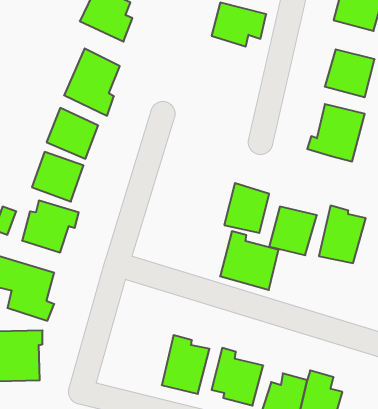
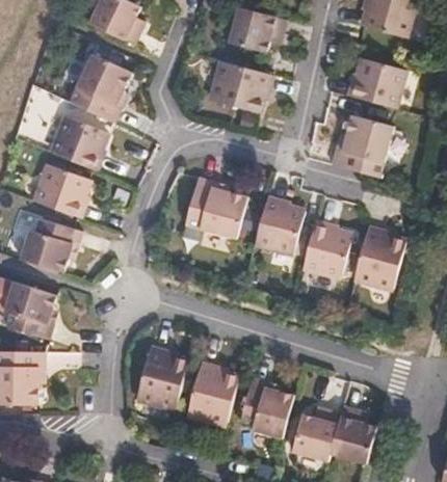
building: none -> [212,61,275,113]
building: [220,231,279,290] -> [176,176,238,238]
building: none -> [129,346,179,410]

